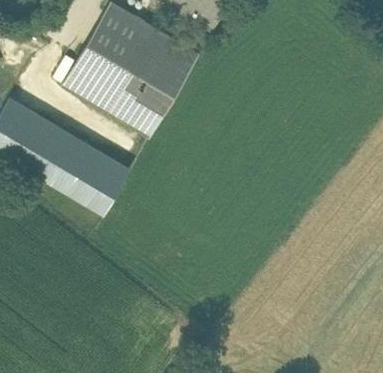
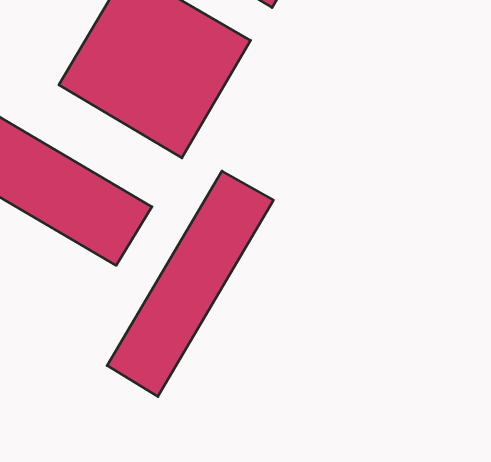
building: none -> [107,171,273,397]

